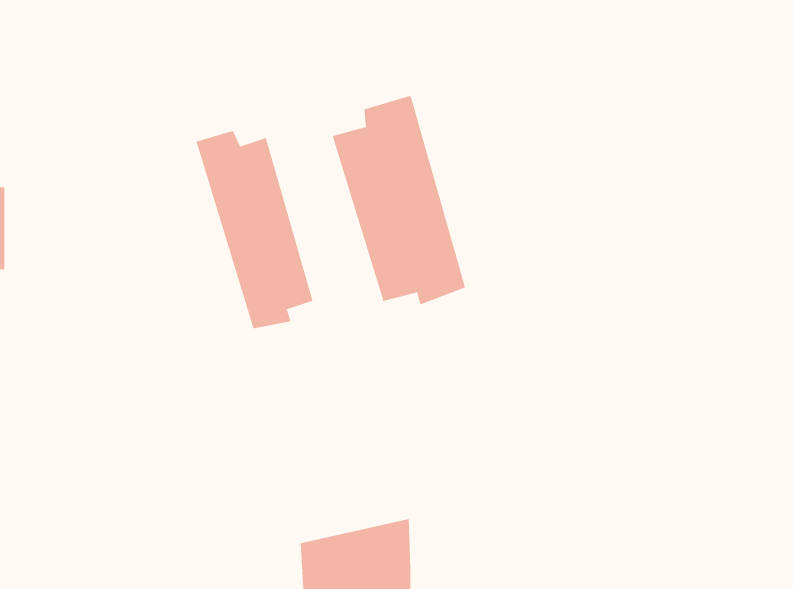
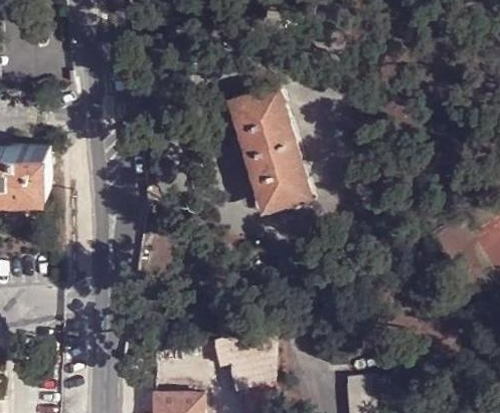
building: [196,130,313,329] -> none

